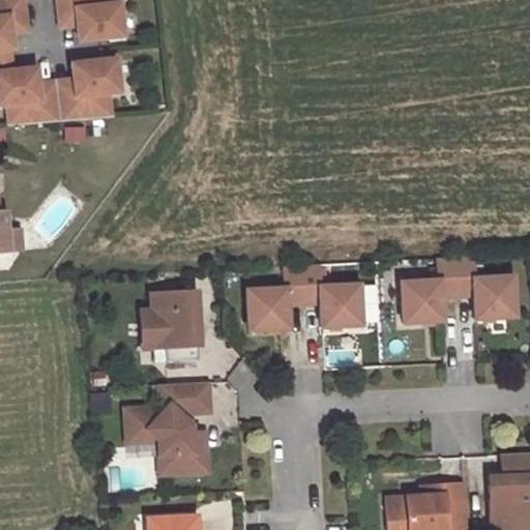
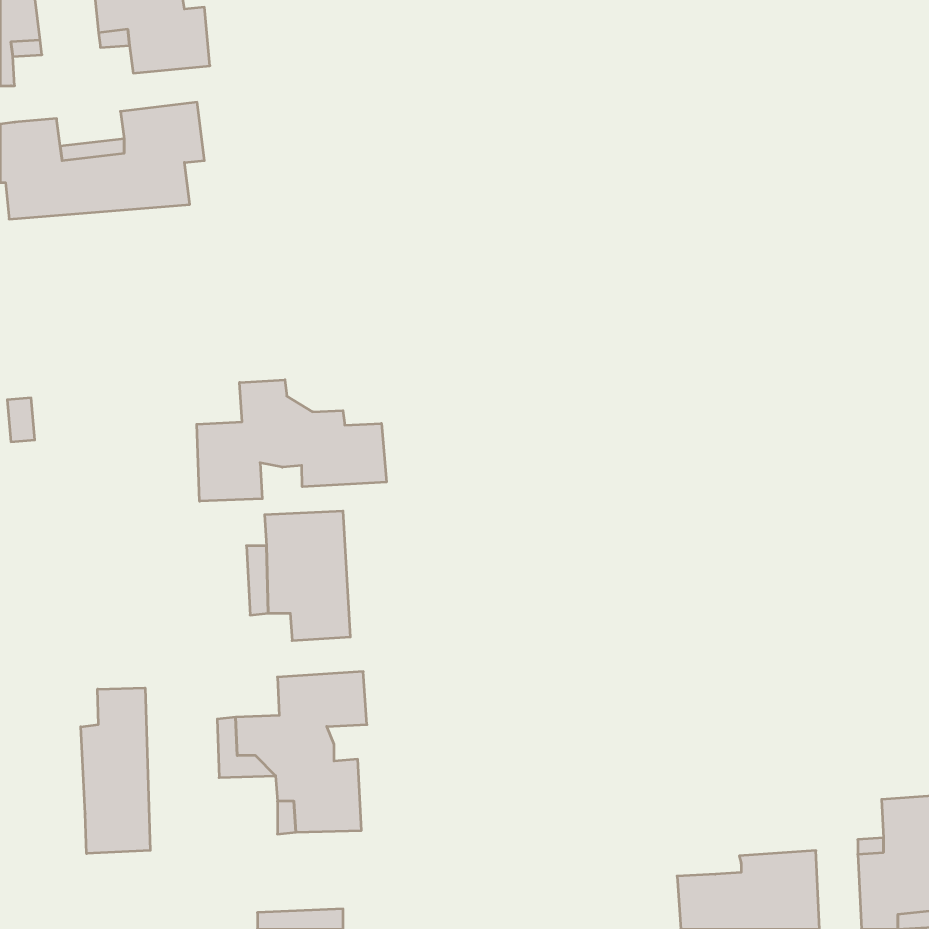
building: none -> [197,380,386,501]
building: [403,257,517,323] -> none
building: [247,264,361,330] -> none
building: none -> [81,688,150,854]

